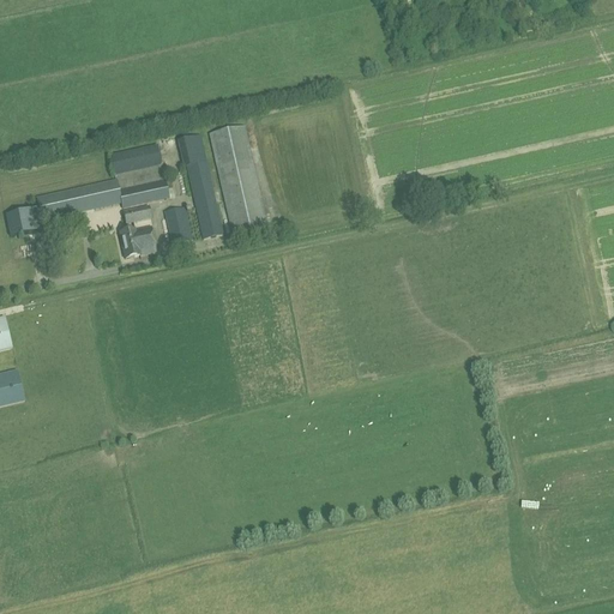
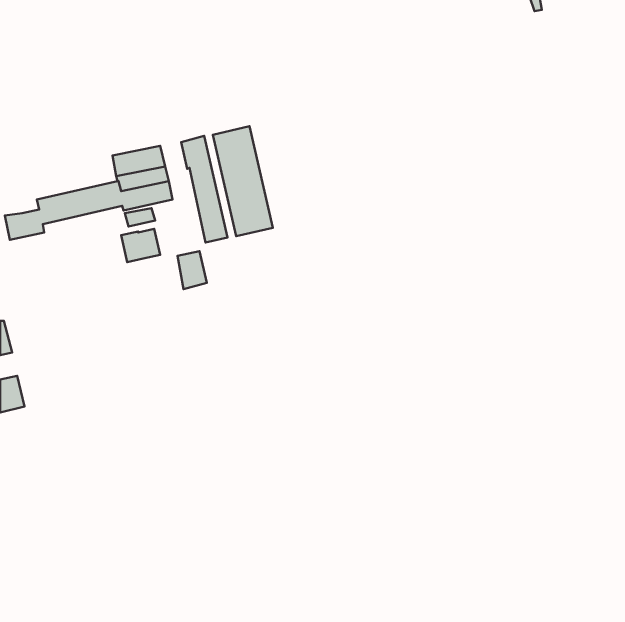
building: [164,205,193,242] -> [177,251,207,289]

